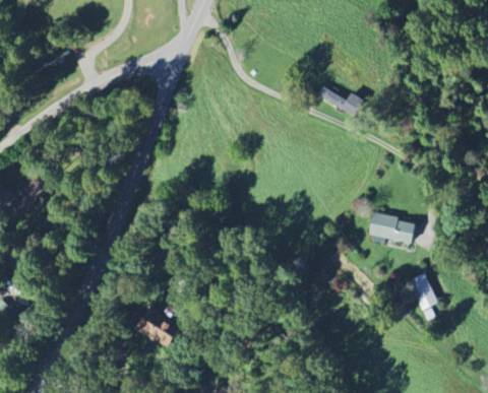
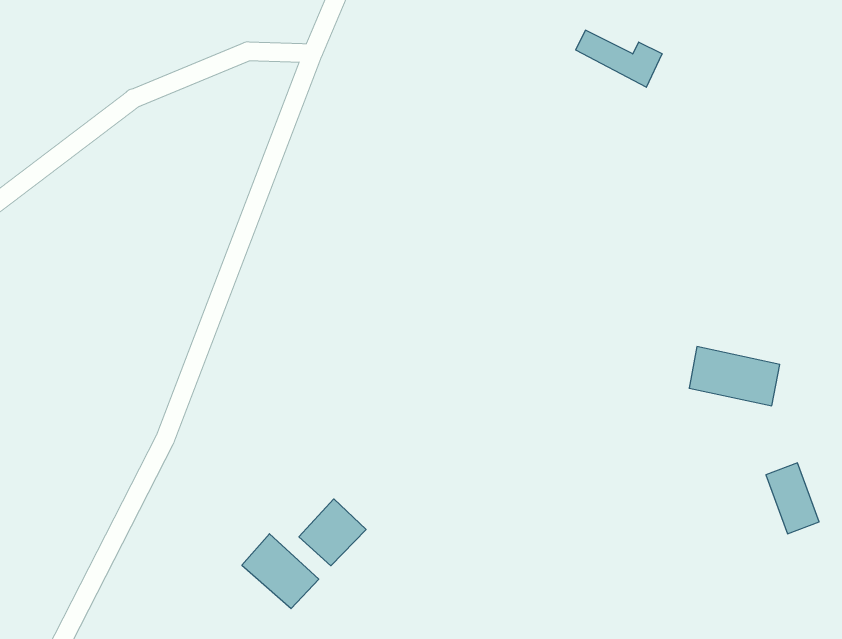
building: [317,86,362,116] -> [576,30,662,87]
building: none -> [299,499,366,566]

